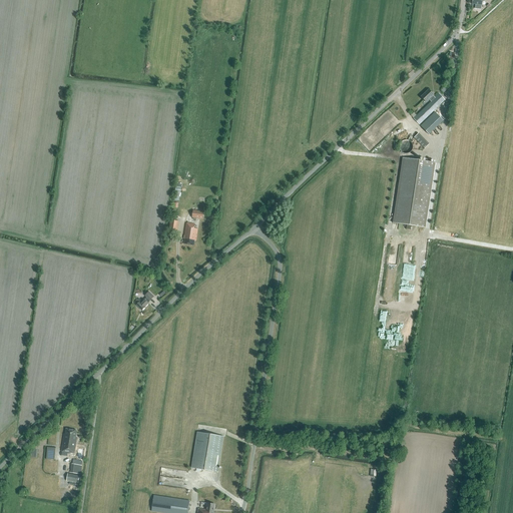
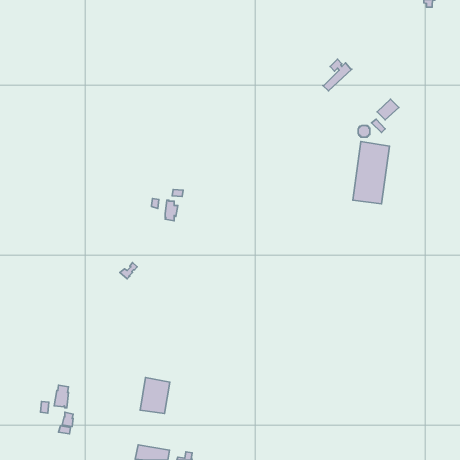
building: [412,88,444,123] -> [323,59,352,91]
building: [190,431,223,471] -> [140,378,170,414]

